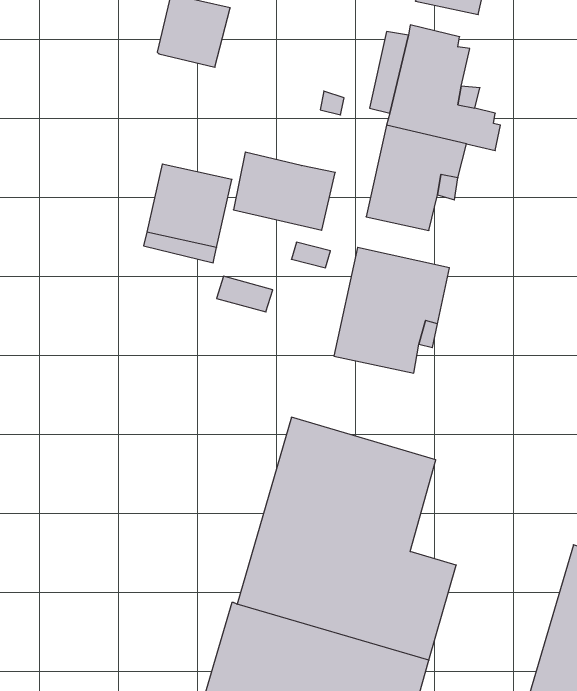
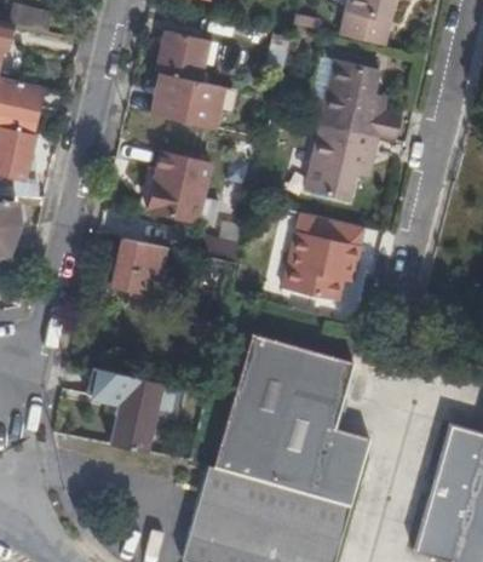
building: [233,152,335,230] -> [150,74,223,130]
building: none -> [111,239,166,312]
building: none -> [87,369,161,452]

